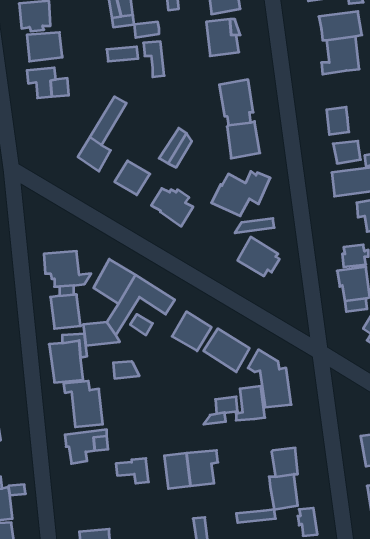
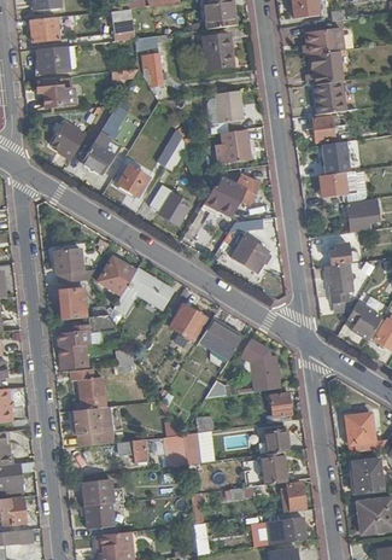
building: none -> [308,81,334,113]
building: none -> [51,118,87,158]
building: [236,386,265,420] -> [265,392,292,424]
building: none -> [82,480,123,507]

